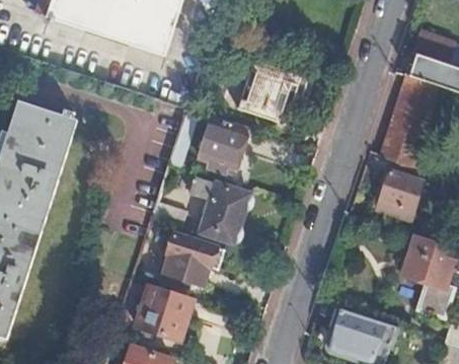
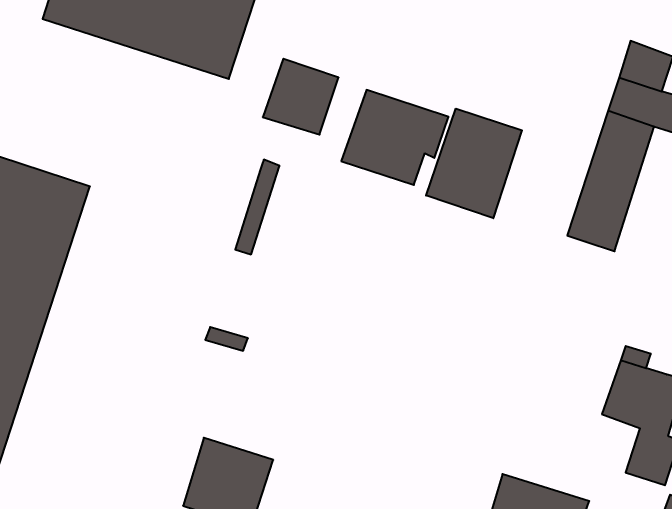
building: none -> [426,109,522,218]
building: [198,119,246,167] -> [263,59,339,135]
building: [378,158,428,219] -> none
building: [192,176,247,241] -> none
building: [162,233,222,285] -> none

